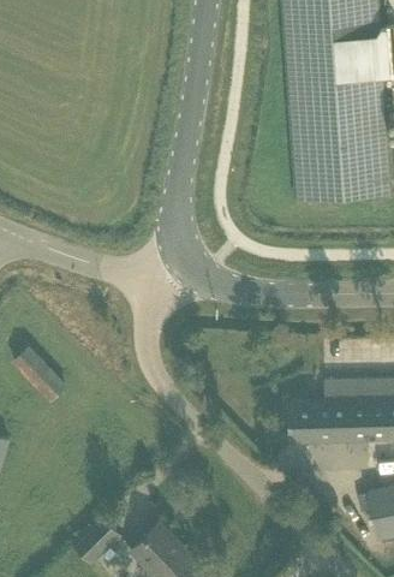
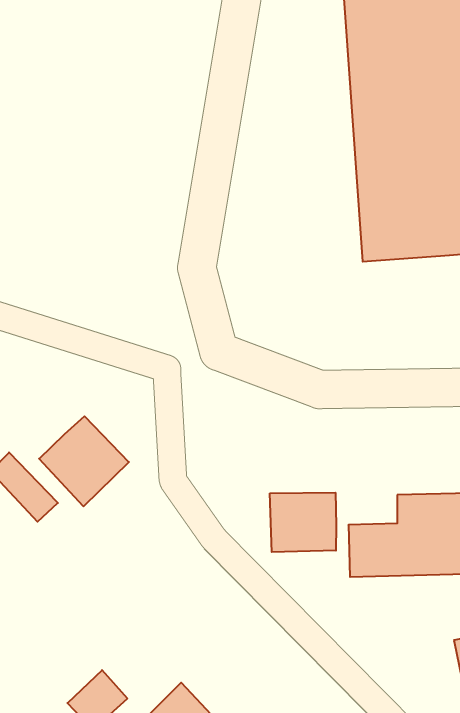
building: none -> [39,416,129,506]
building: none -> [270,493,336,552]

